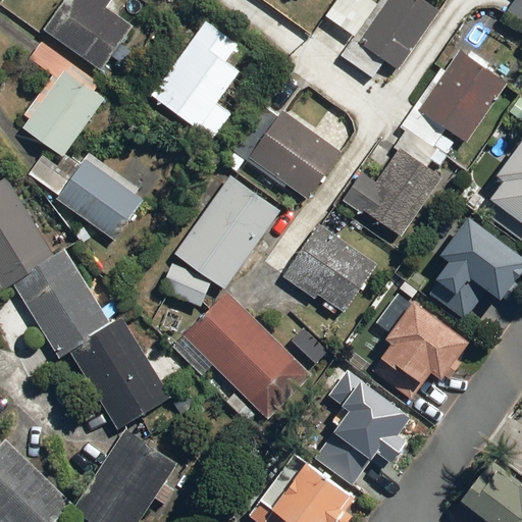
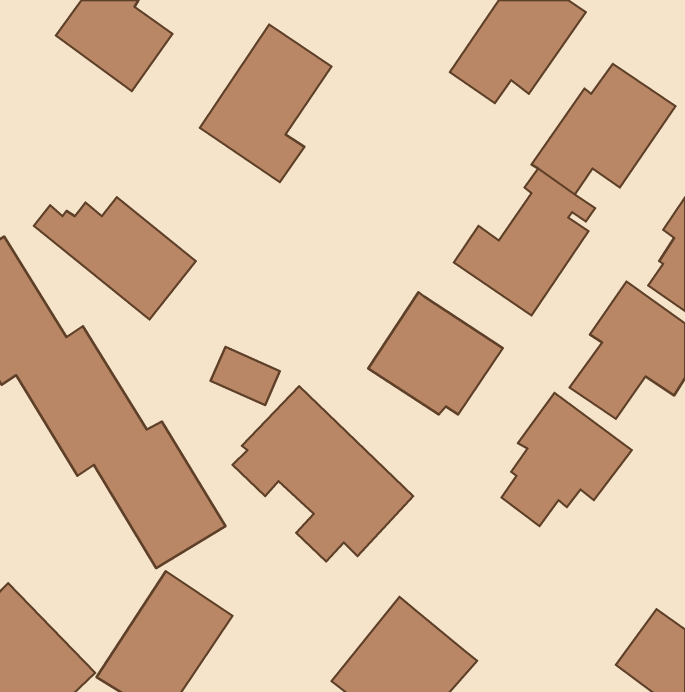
building: [19,40,105,159] -> none
building: [240,109,341,199] -> none
building: [174,174,279,289] -> none
building: [312,376,418,489] -> none

